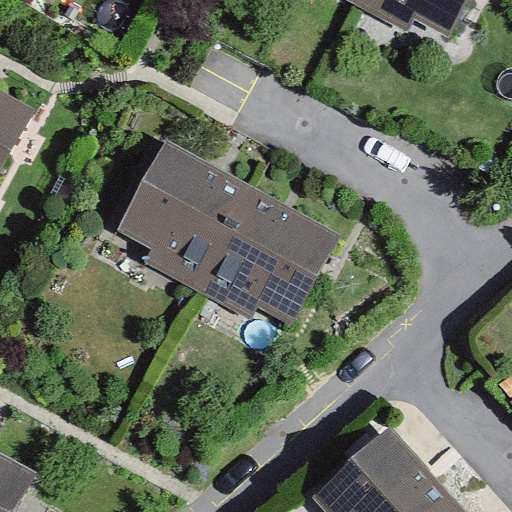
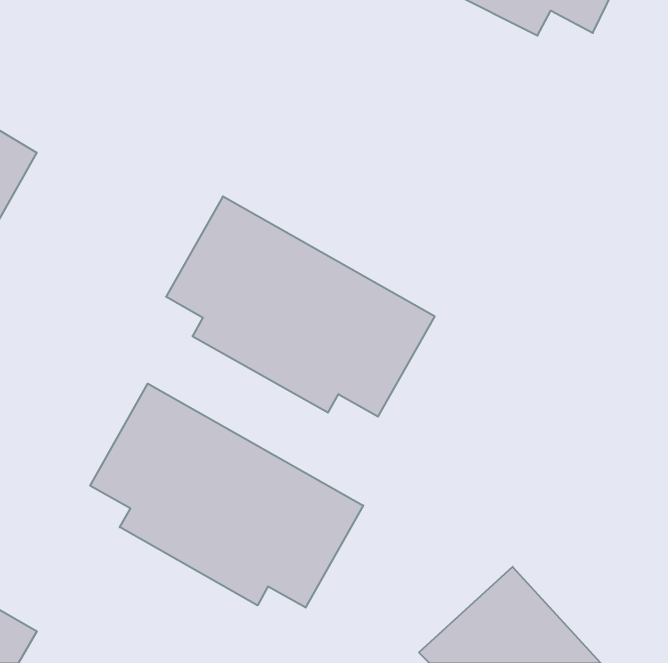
building: none -> [90,384,363,608]

